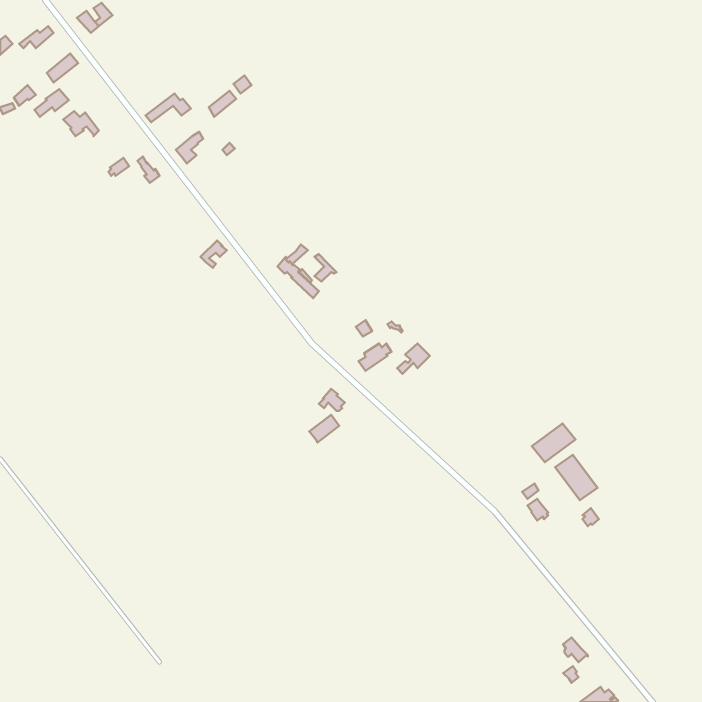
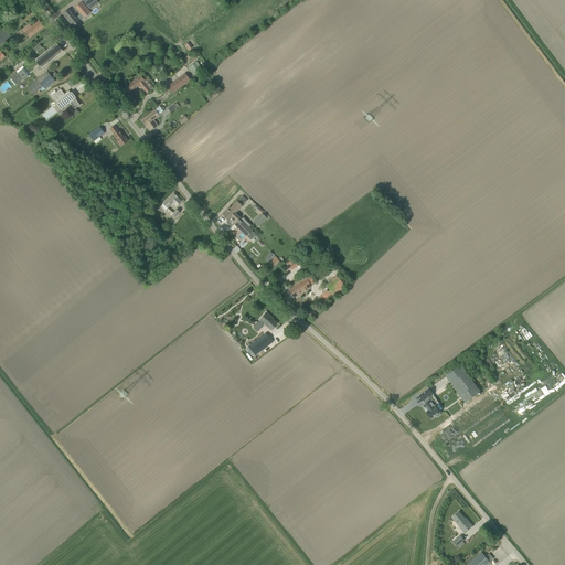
building: [532,423,575,462] -> none

